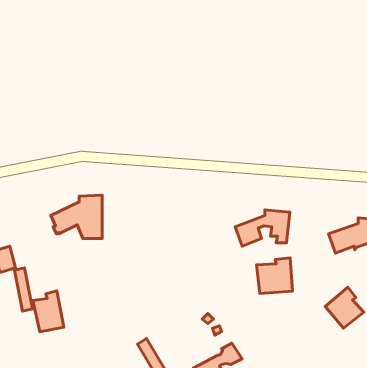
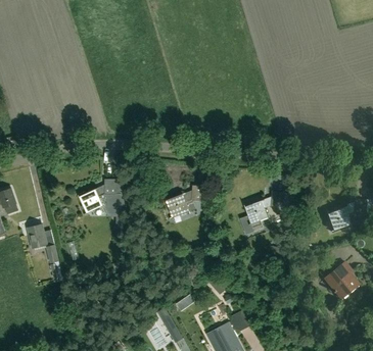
building: none -> [166,186,204,217]
building: [257,258,293,294] -> none
building: [33,291,64,332] -> none

